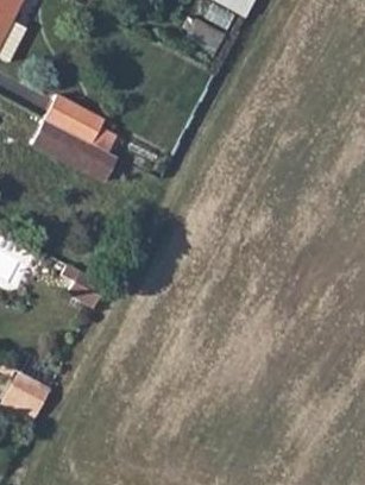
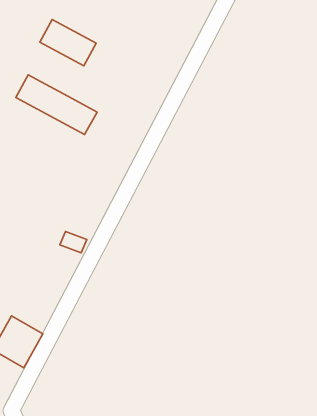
building: [43,95,102,144] -> [40,20,96,66]

